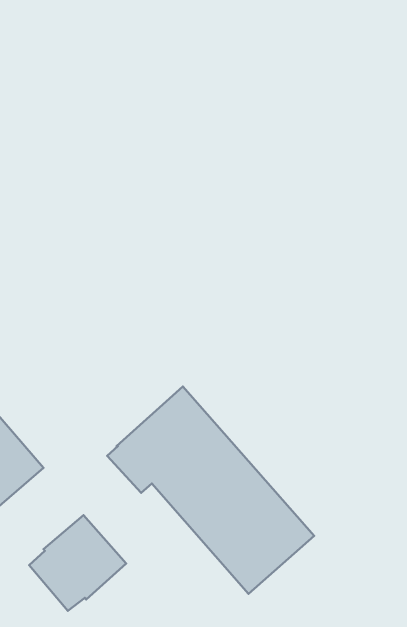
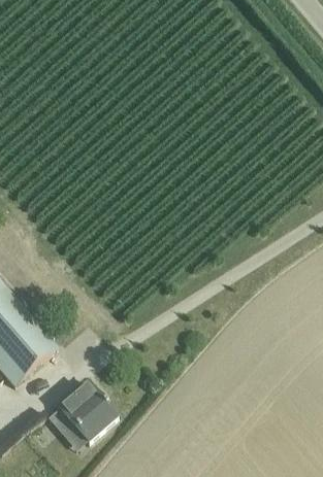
building: [107,387,314,594] -> none

